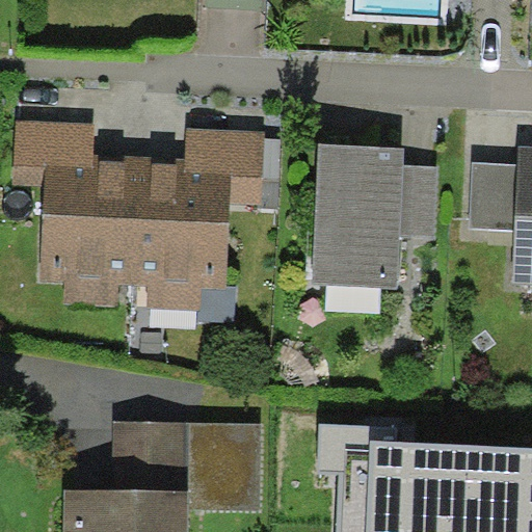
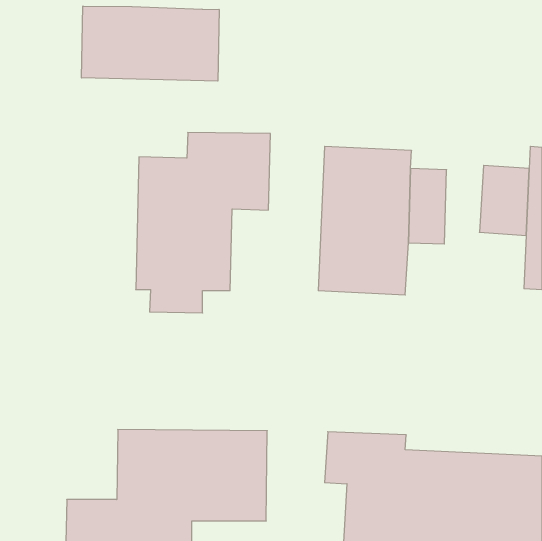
building: none -> [82,6,219,81]
building: [15,123,136,308] -> none

